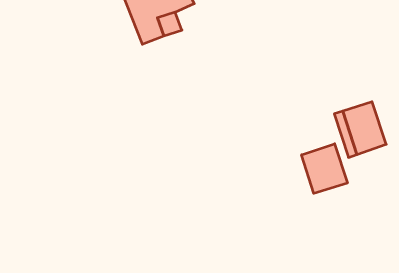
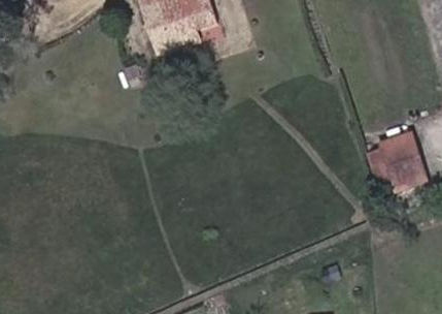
building: [302,144,347,193] -> none

